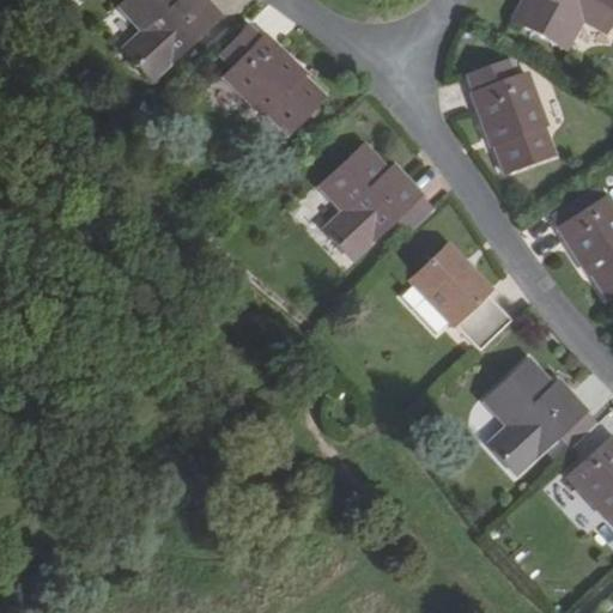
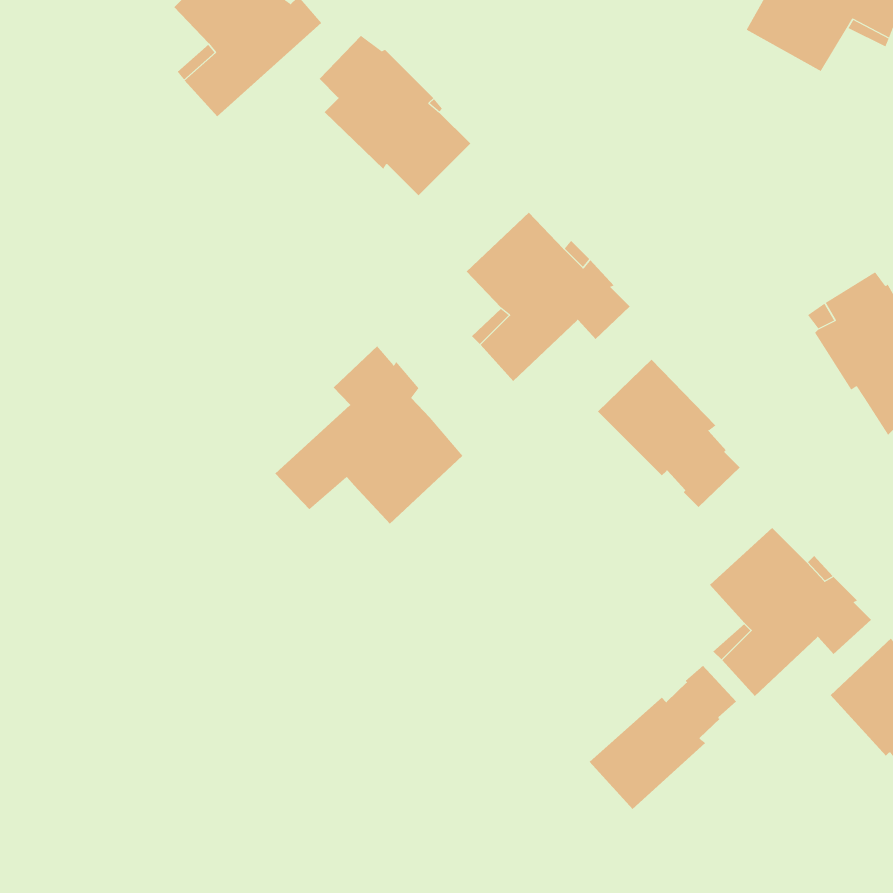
building: [468,61,554,174] -> none
building: none -> [275,346,463,524]
building: none -> [589,665,737,810]

